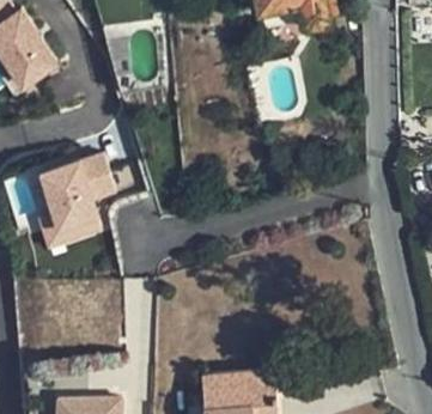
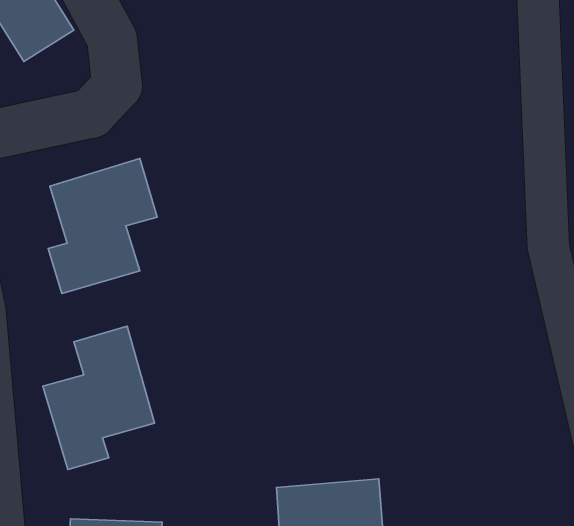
building: none -> [43,326,154,469]

